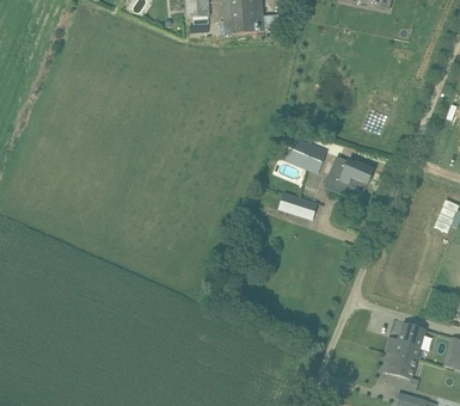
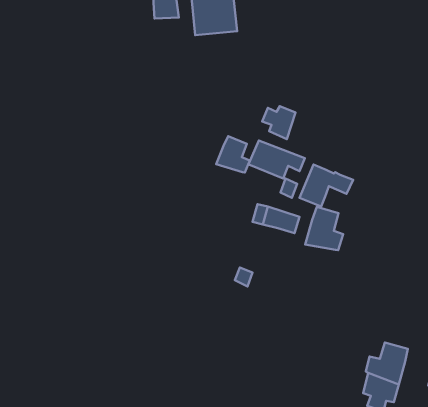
building: none -> [262,106,295,139]
building: none -> [216,136,250,173]
building: none -> [305,207,343,250]

